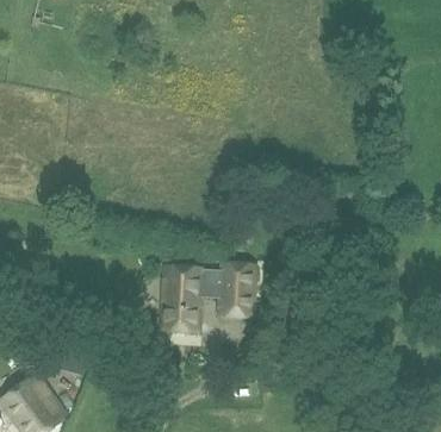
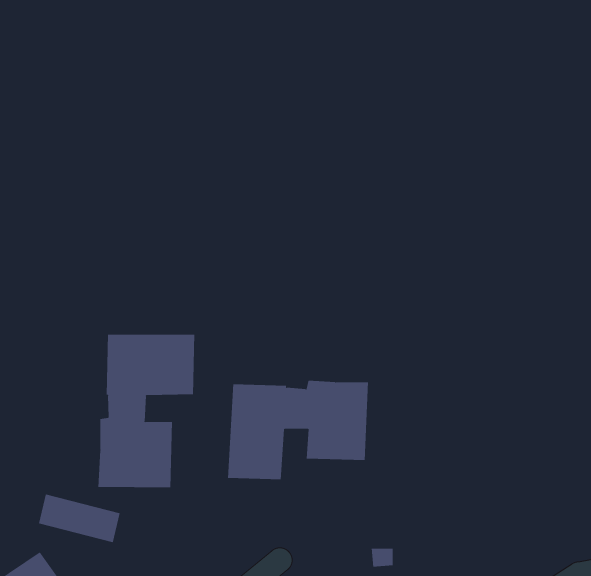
building: none -> [98,334,195,488]

